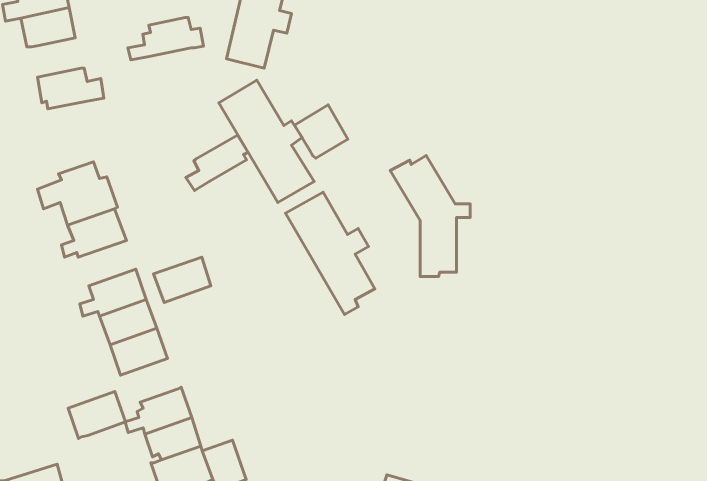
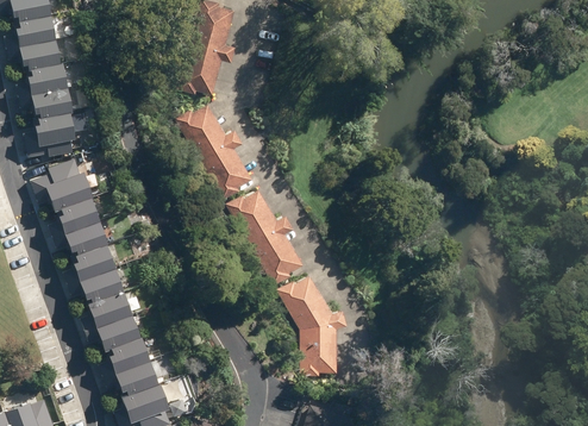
building: [128,18,203,60] -> [17,63,76,96]
building: none -> [25,113,77,149]
building: [295,105,348,158] -> none
building: [186,135,248,191] -> none
building: [390,156,470,277] -> [277,276,340,371]
building: [153,257,211,302] -> [64,223,110,258]
building: [68,392,125,438] -> [98,315,143,352]

